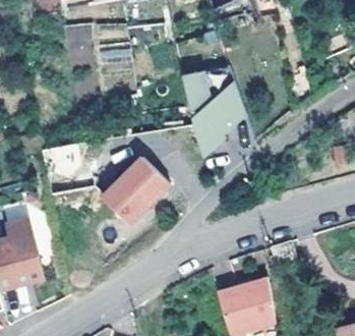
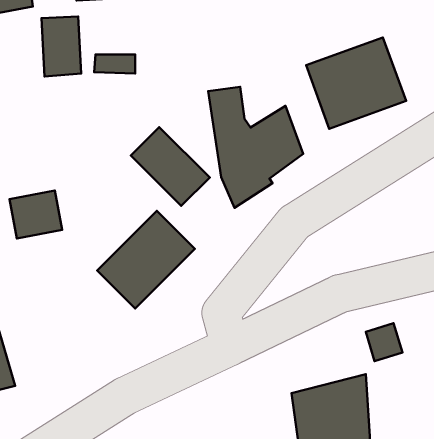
building: none -> [306,37,406,129]
building: none -> [131,127,210,206]

